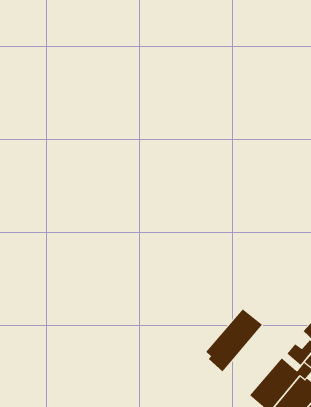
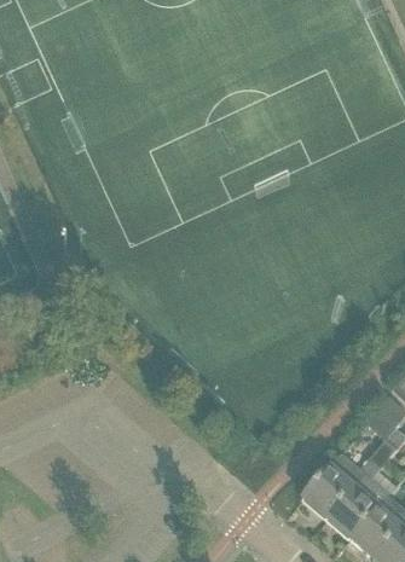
building: [205,309,263,372] -> none

